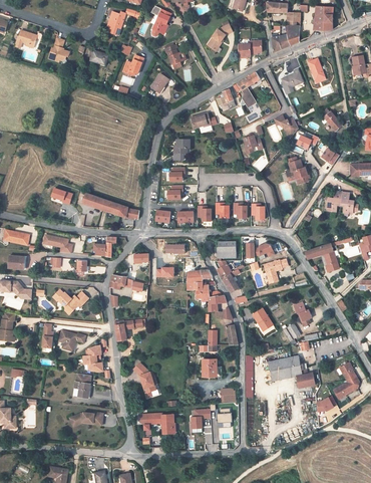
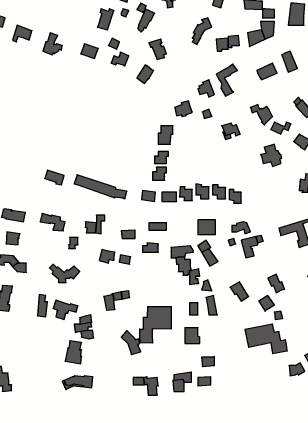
building: none -> [140,307,171,343]

